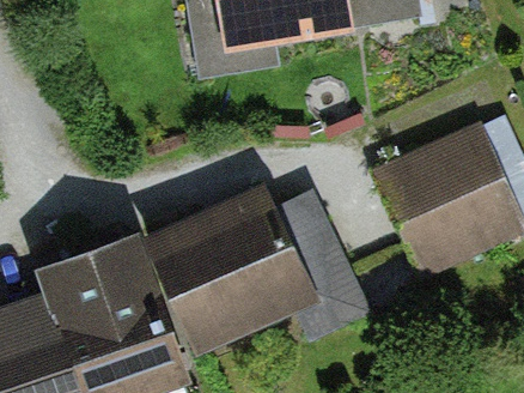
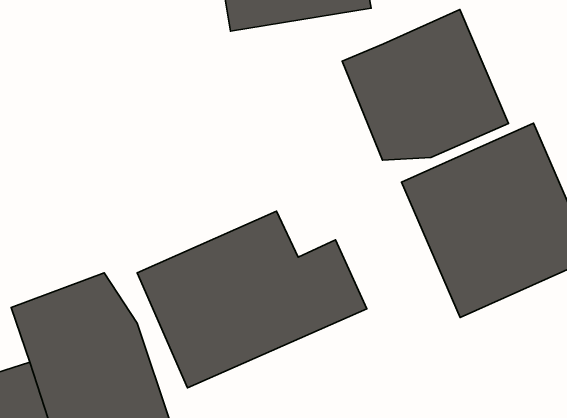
building: none -> [342,9,509,160]

